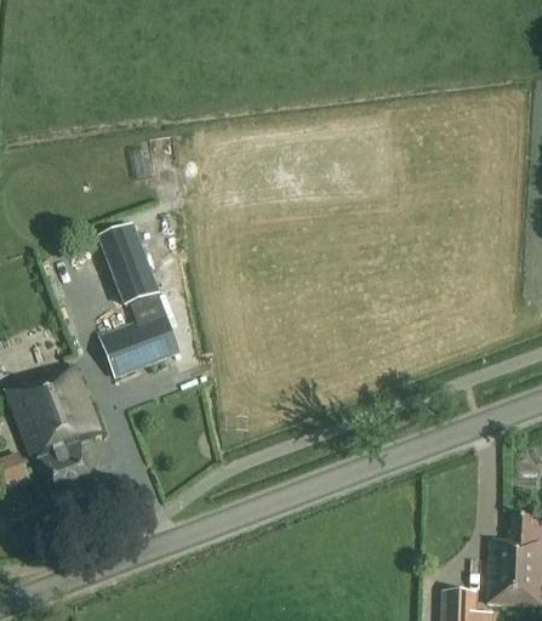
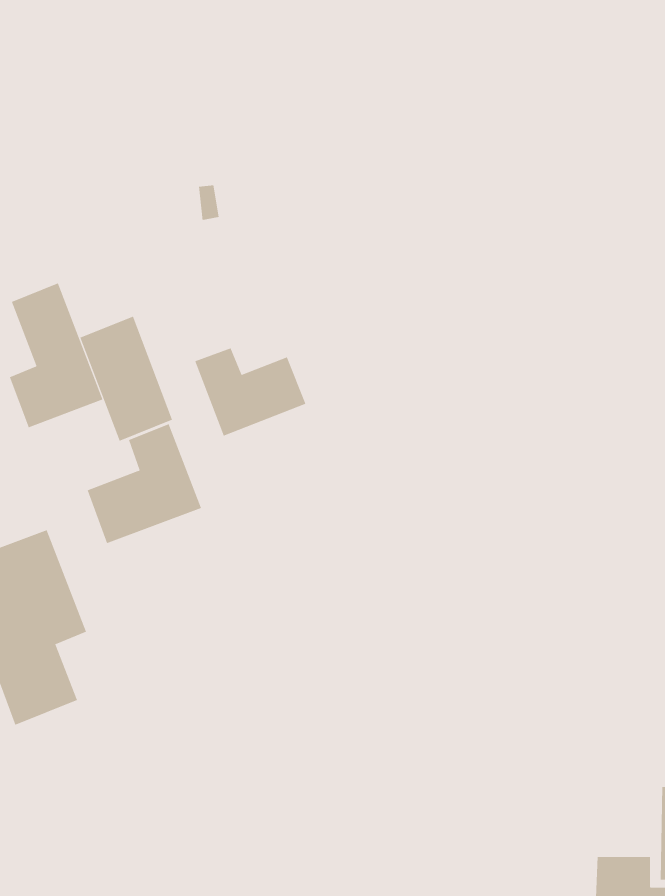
building: none -> [9,283,103,428]
building: none -> [195,347,306,436]

